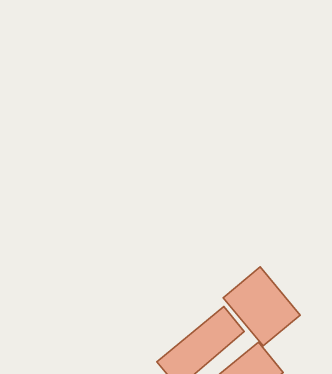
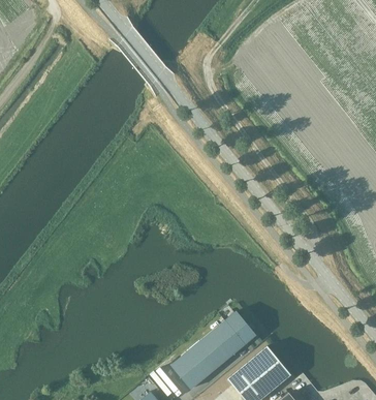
building: [223,267,300,346] -> none

